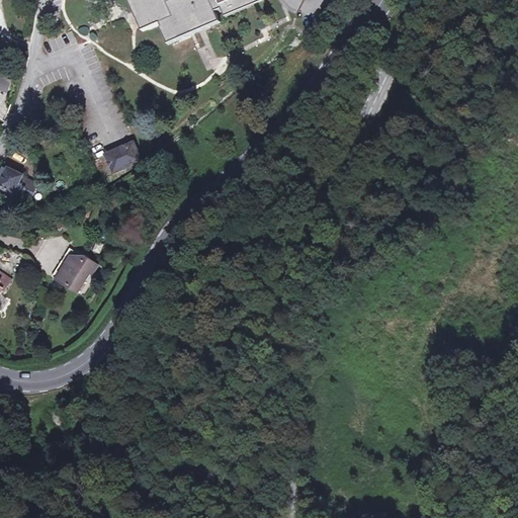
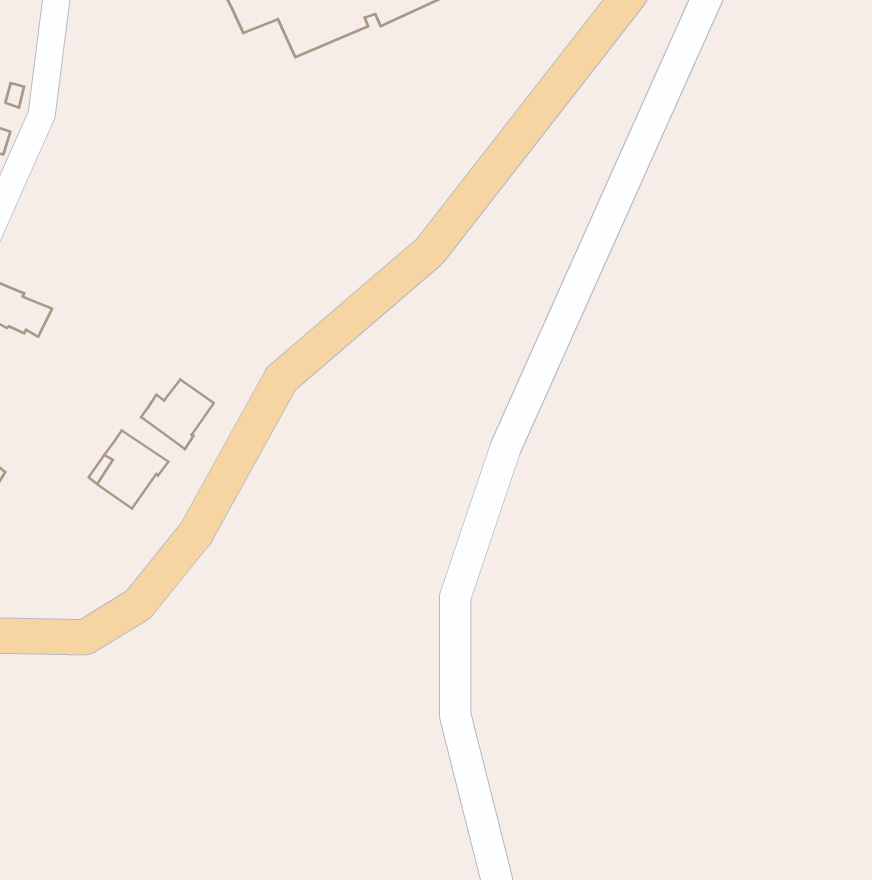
building: [99,144,133,172] -> none
building: none -> [141,379,214,449]

